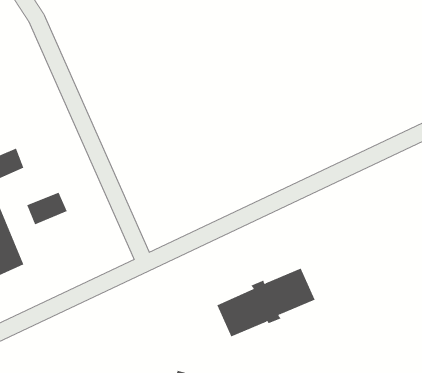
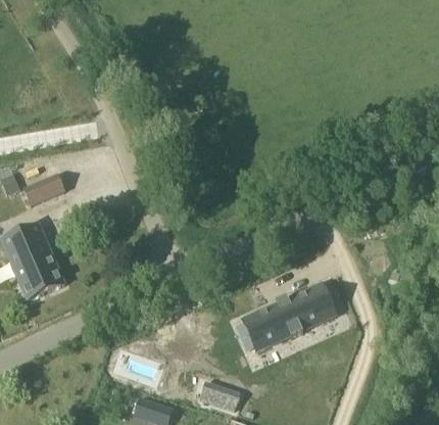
building: [27,192,68,225] -> none

